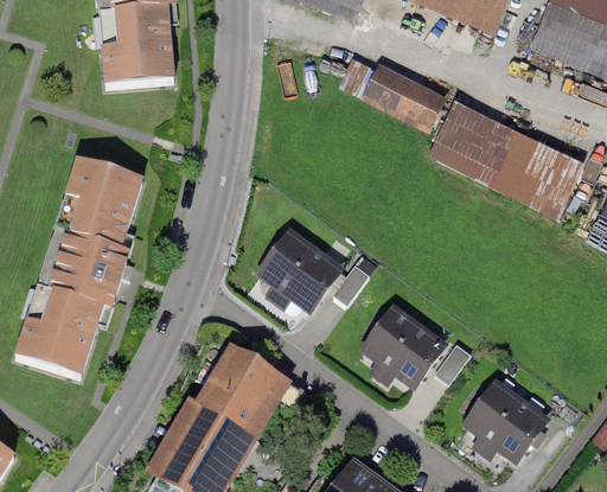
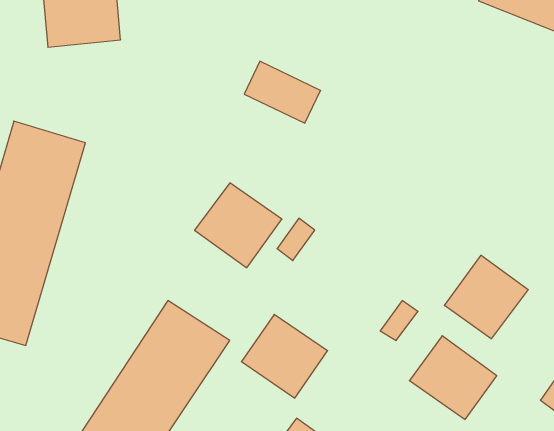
building: [369,68,443,128] -> [244,61,321,123]
building: [427,96,587,217] -> none
building: none -> [444,255,528,339]
building: [362,303,446,385] -> [241,314,328,398]

